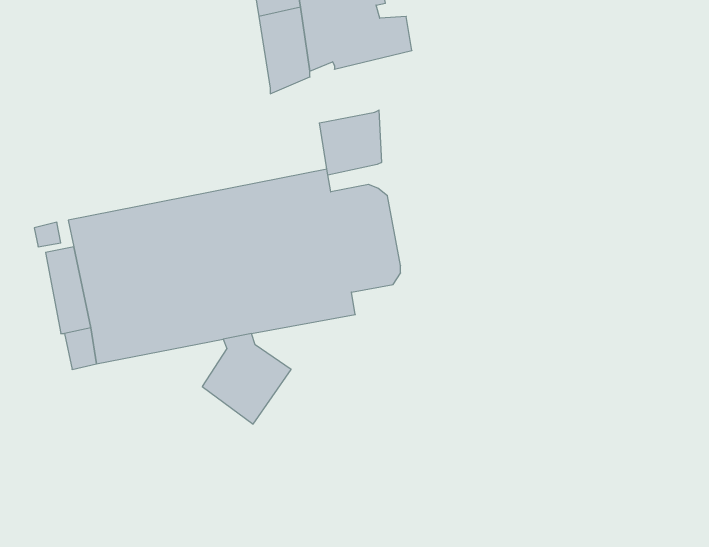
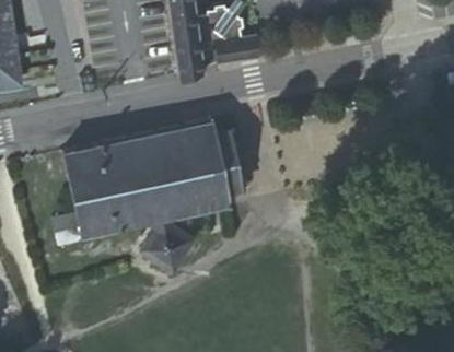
building: [319,110,381,175] -> none

